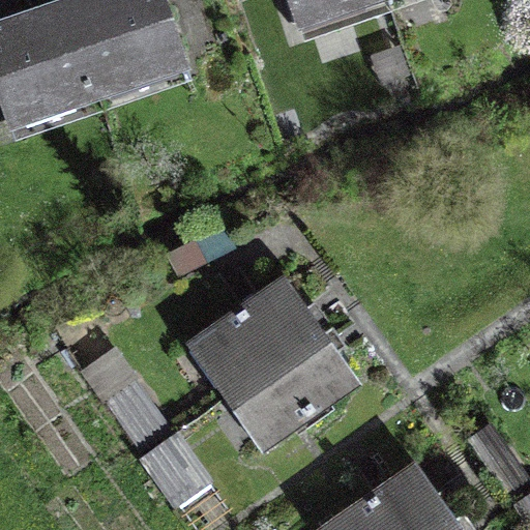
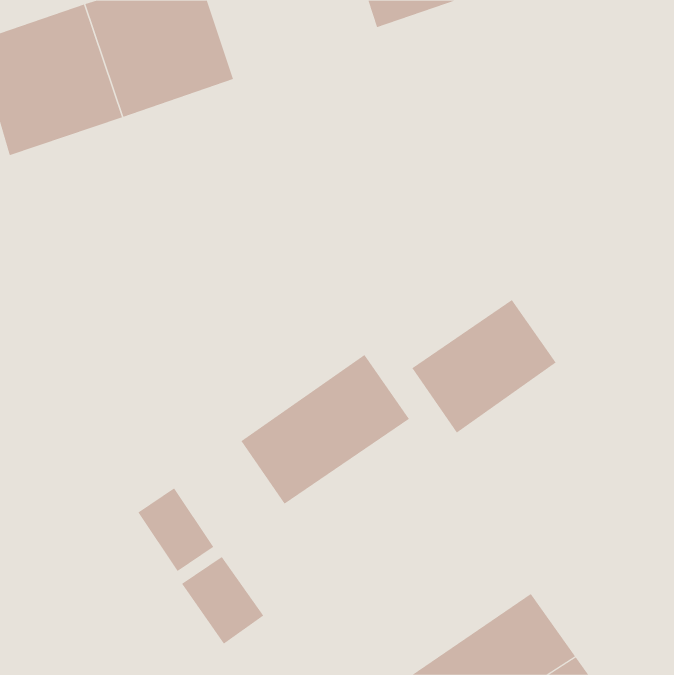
building: none -> [411,299,557,433]
building: [223,328,357,448] -> none

